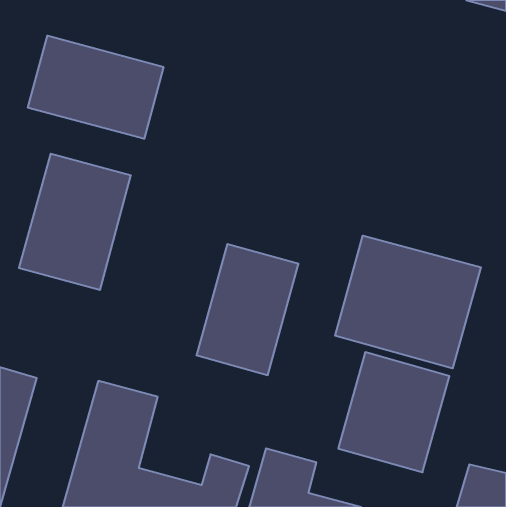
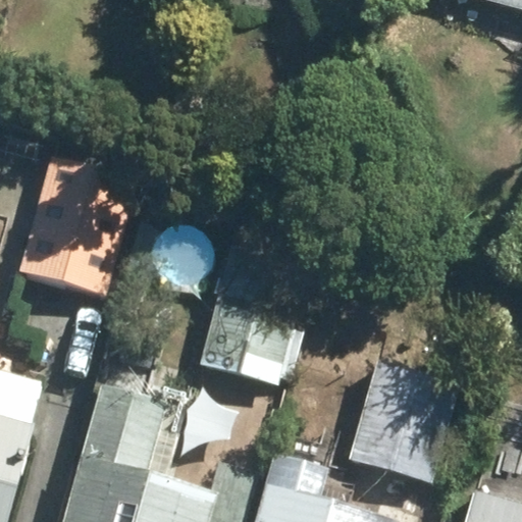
building: [28,36,163,139] -> none
building: [335,236,481,368] -> none

